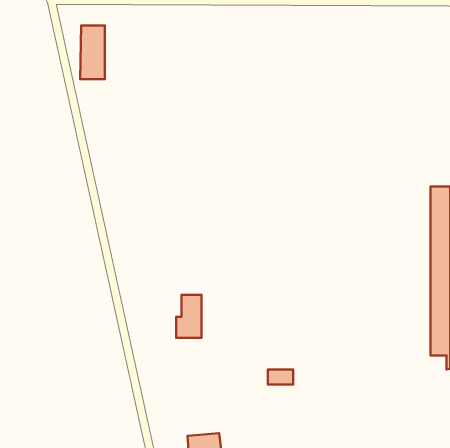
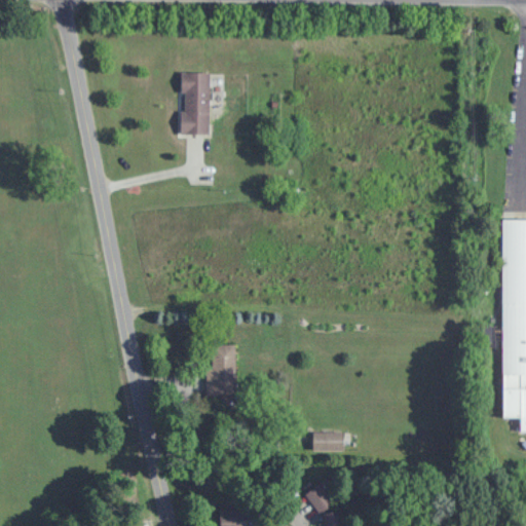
building: [80,25,105,79] -> [180,73,209,136]
building: none -> [306,485,334,513]

